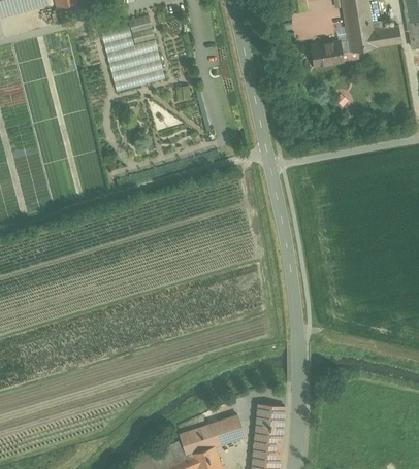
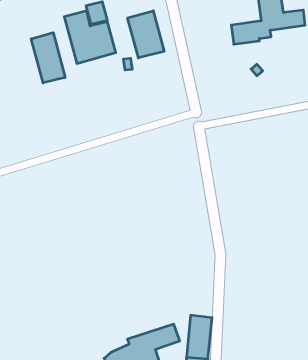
building: none -> [128,11,164,58]
building: none -> [31,33,65,83]

